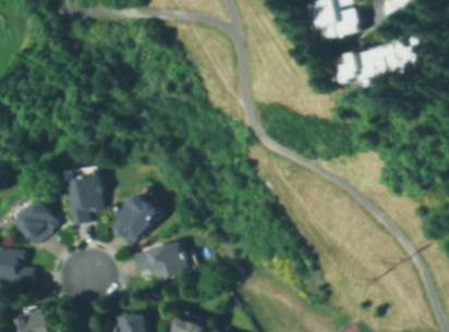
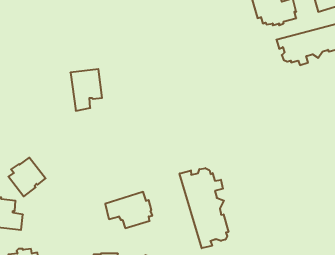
building: [63,175,101,225] -> [70,69,102,111]
building: [108,192,160,247] -> none
building: none -> [180,168,228,248]

